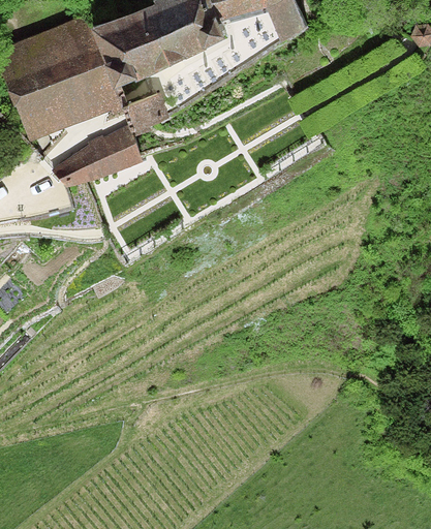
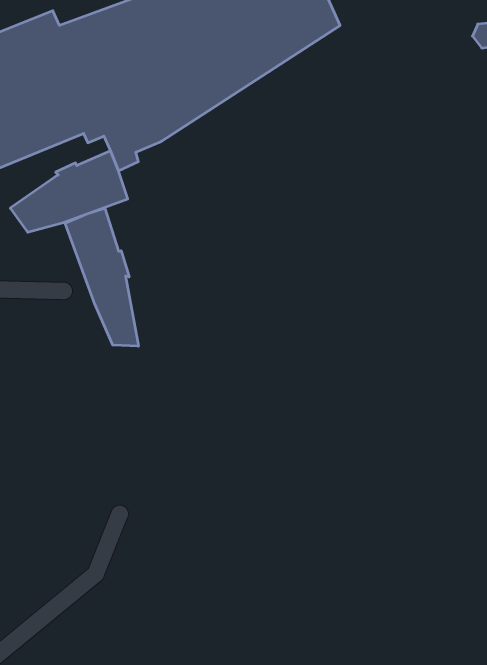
building: none -> [65,208,138,346]

